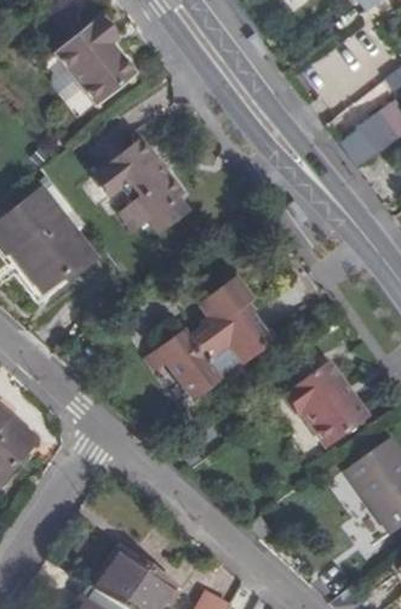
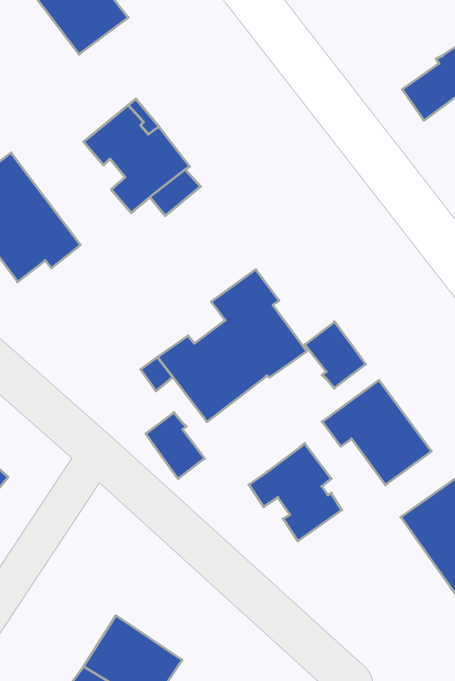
building: none -> [305,322,366,388]
building: none -> [146,412,205,479]
building: none -> [249,443,342,541]

